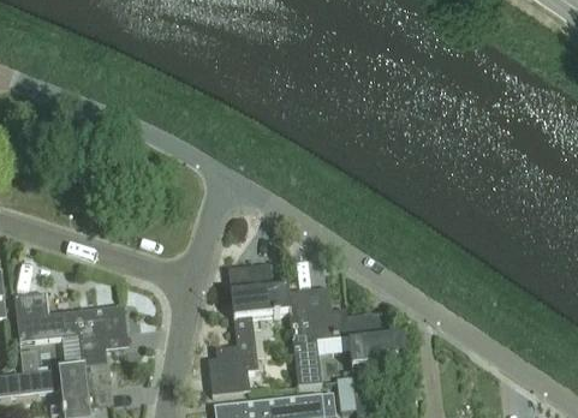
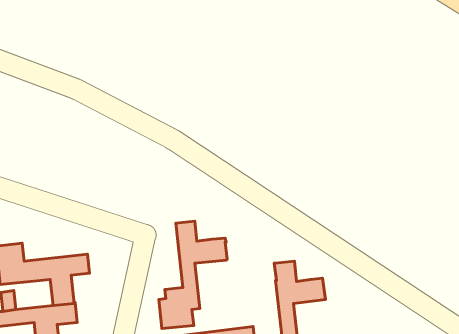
building: [288,288,350,384] -> none

